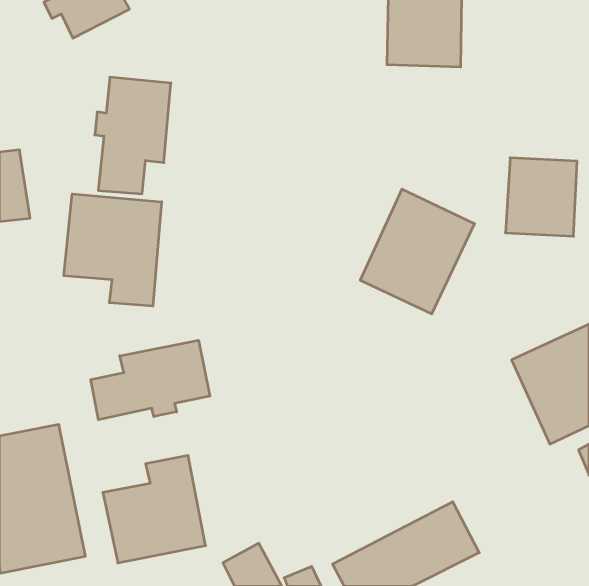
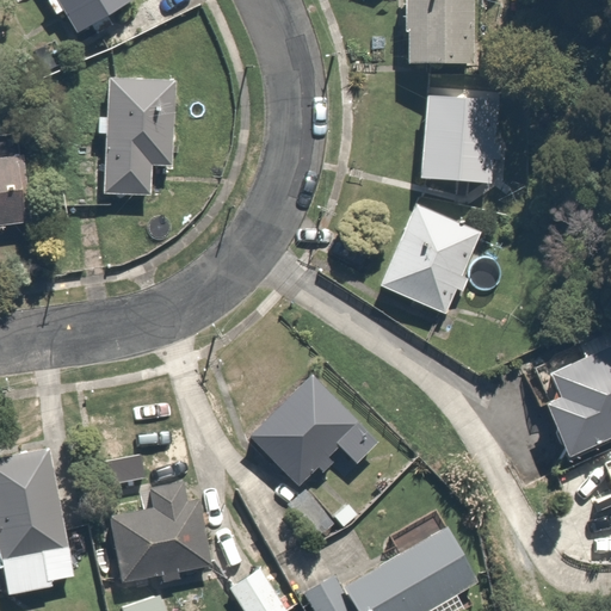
building: [505,158,577,236] -> [418,105,492,186]
building: [64,194,162,306] -> none
building: [91,340,210,420] -> none
building: none -> [245,366,383,519]

